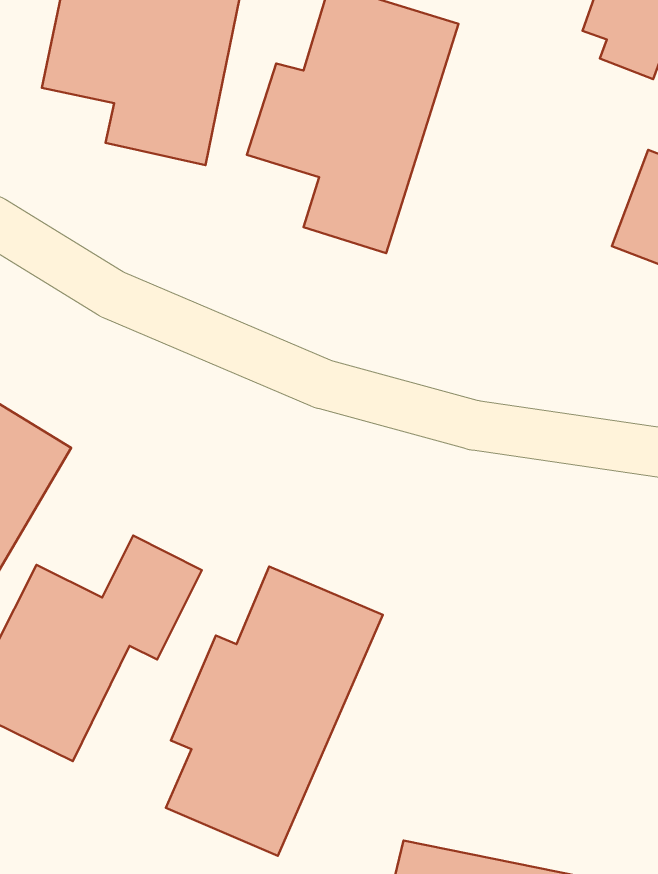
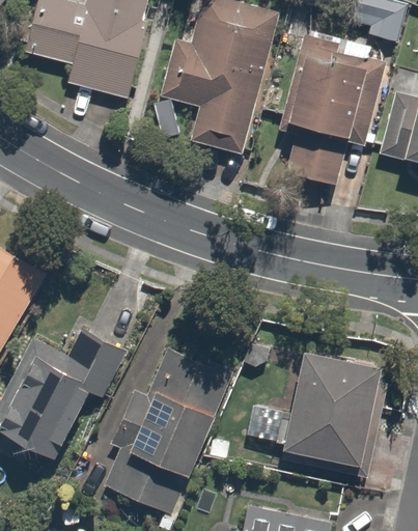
building: none -> [285,32,391,185]
building: none -> [278,346,390,471]

